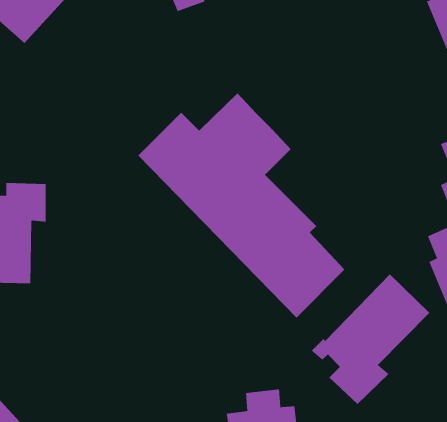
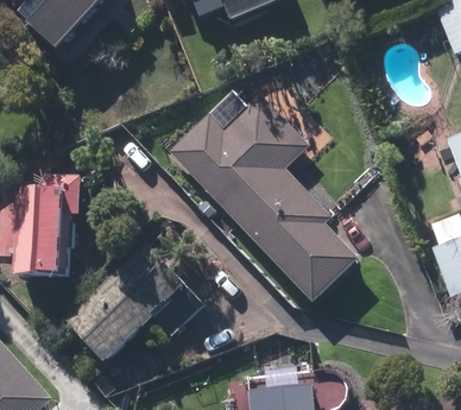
building: none -> [65,245,204,364]
building: [311,274,430,405] -> none

